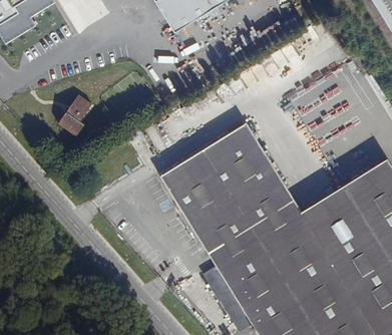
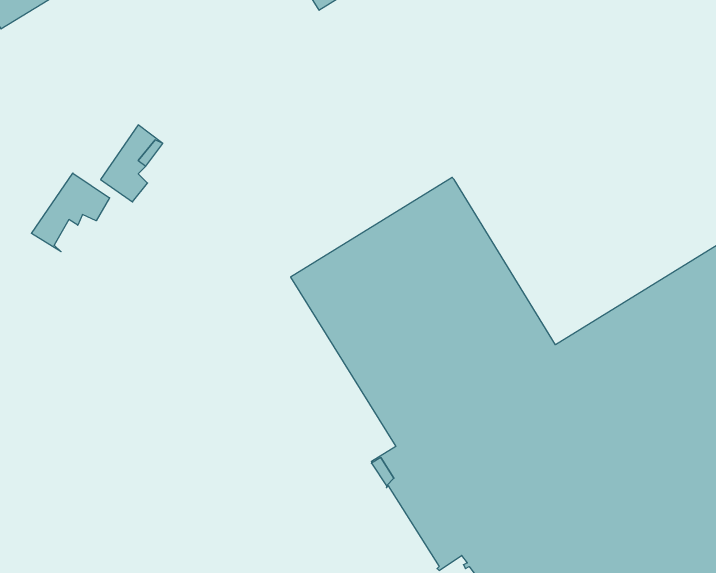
building: none -> [31,173,110,252]

